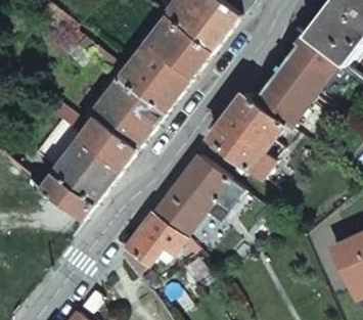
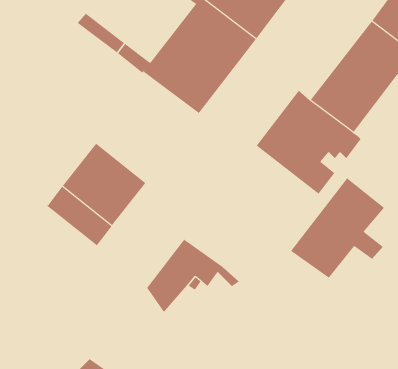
building: [32,78,164,168] -> none
building: [151,153,228,235] -> [290,178,385,278]

